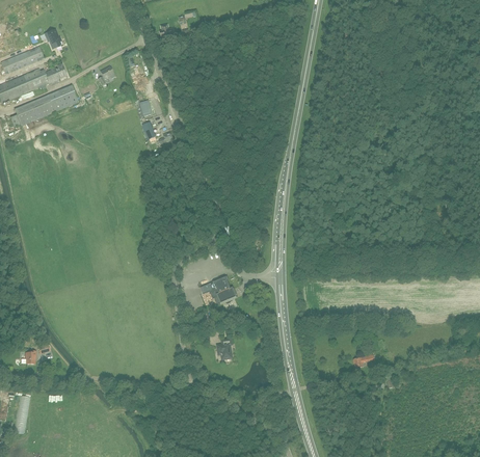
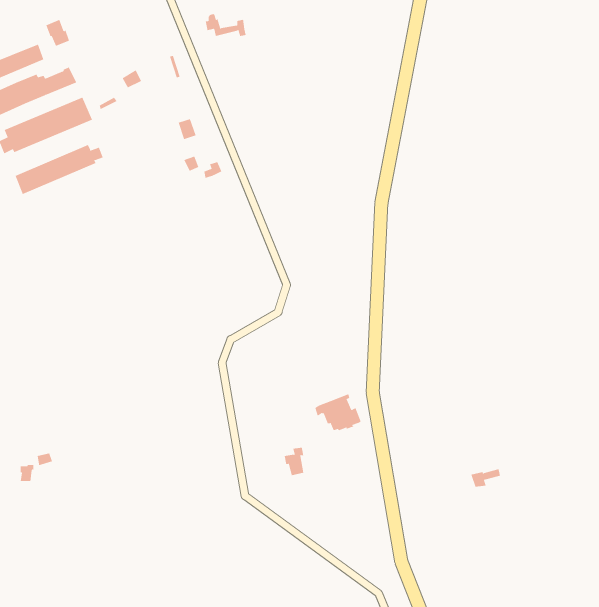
building: none -> [15,144,104,195]
building: [202,275,236,302] -> [314,394,362,431]

